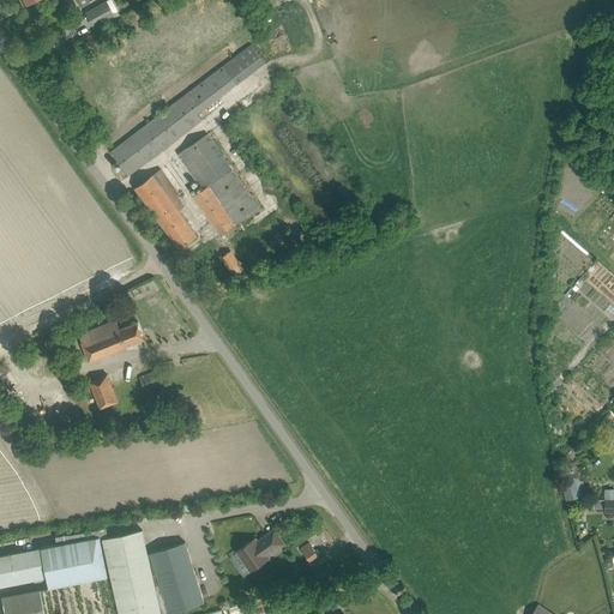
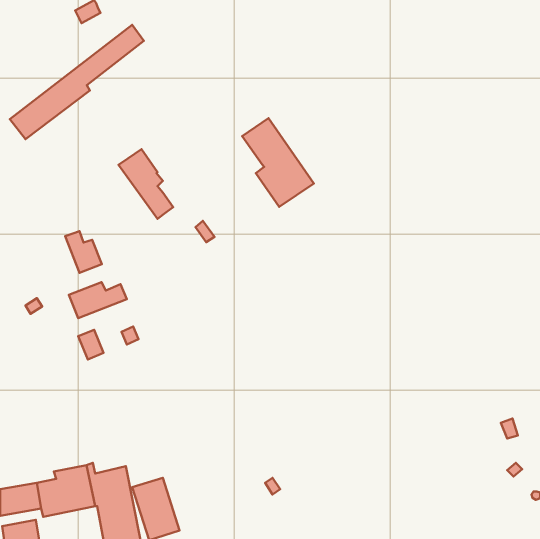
building: [110,47,263,176] -> [10,25,144,139]
building: [177,136,259,236] -> [242,118,314,207]
building: none -> [65,231,102,273]
building: [237,530,284,571] -> none

